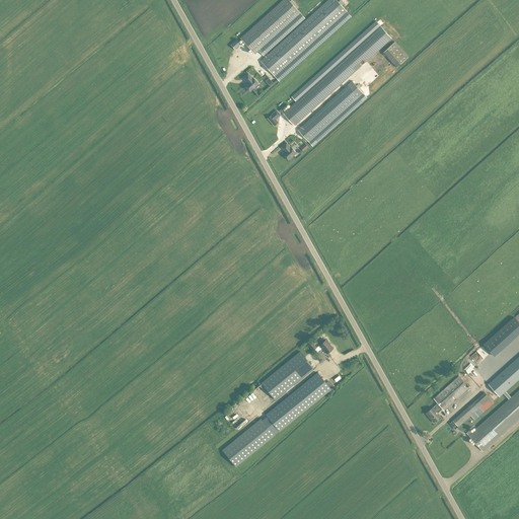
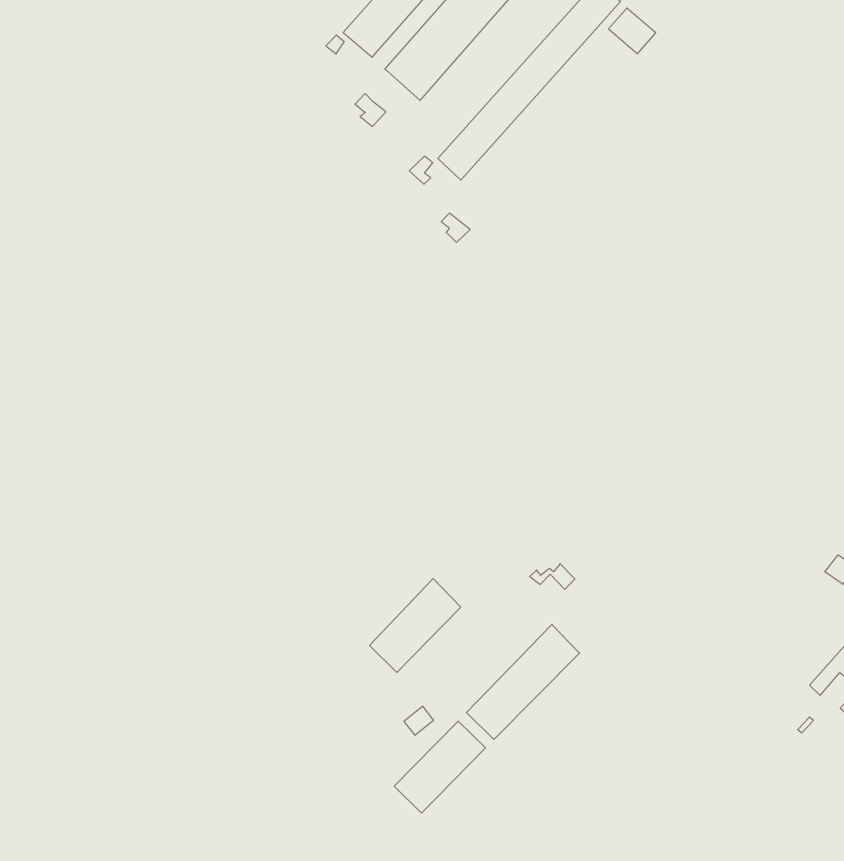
building: [297,81,362,142] -> none
building: [261,351,312,399] -> [370,579,461,672]
building: [425,376,468,423] -> none

